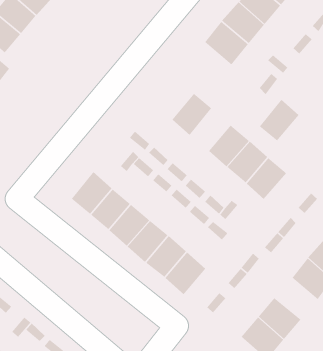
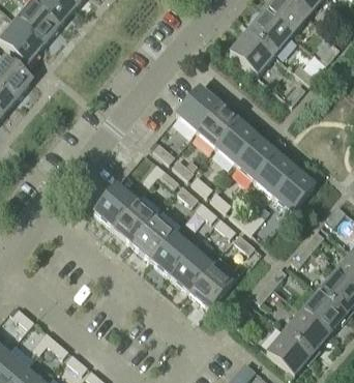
building: none -> [177,85,219,128]
building: [259,99,299,142] -> [215,117,257,160]
building: none -> [301,290,346,332]

